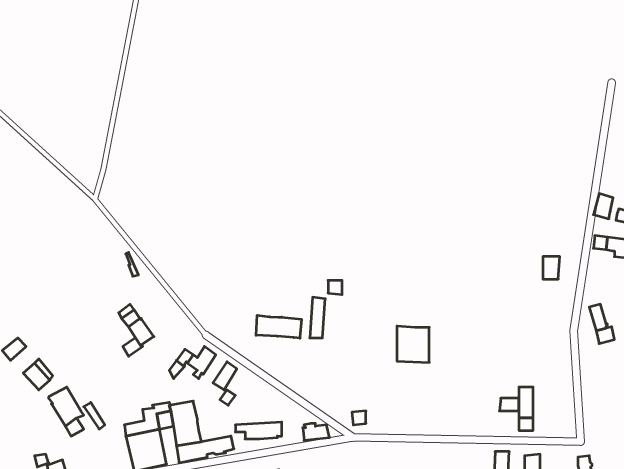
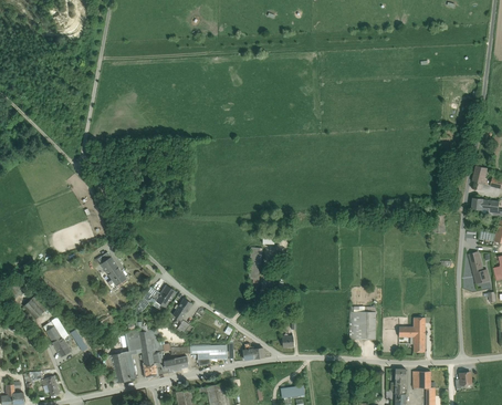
building: [256,315,301,338] -> none
building: [397,326,429,362] -> [349,311,375,340]

